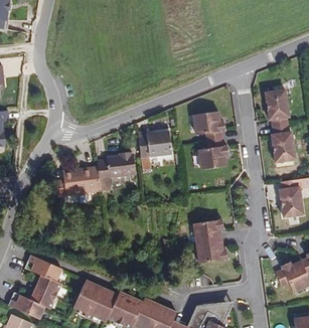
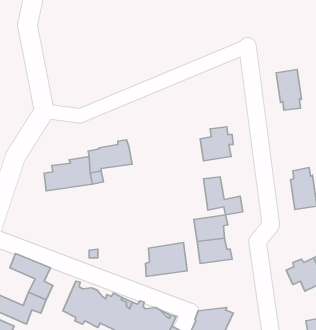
building: [193,112,224,142] -> none
building: [274,123,297,160] -> none
building: [137,126,170,154] -> none
building: none -> [203,177,243,215]
building: none -> [145,243,187,276]

